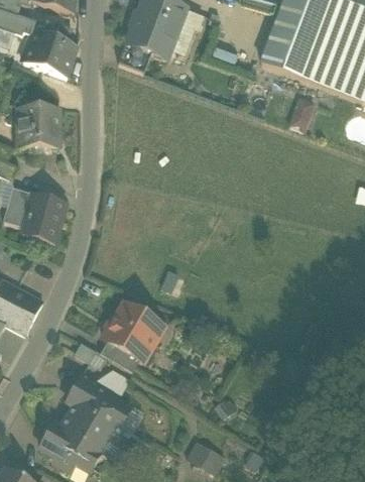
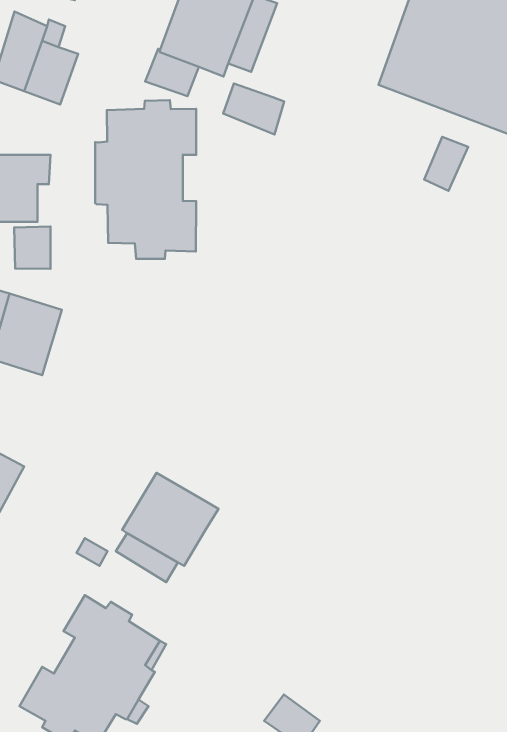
building: none -> [223,83,284,134]
building: none -> [95,100,196,259]
building: none -> [14,227,50,269]

